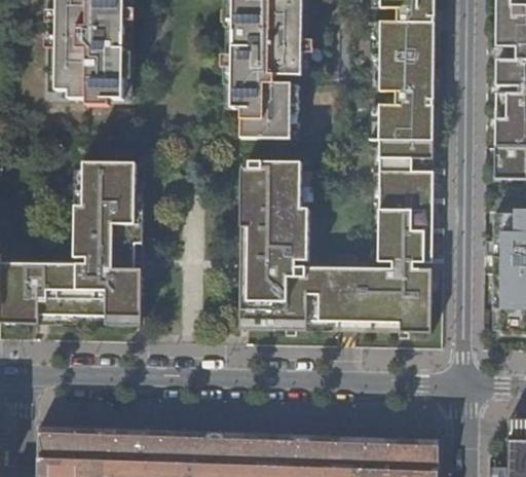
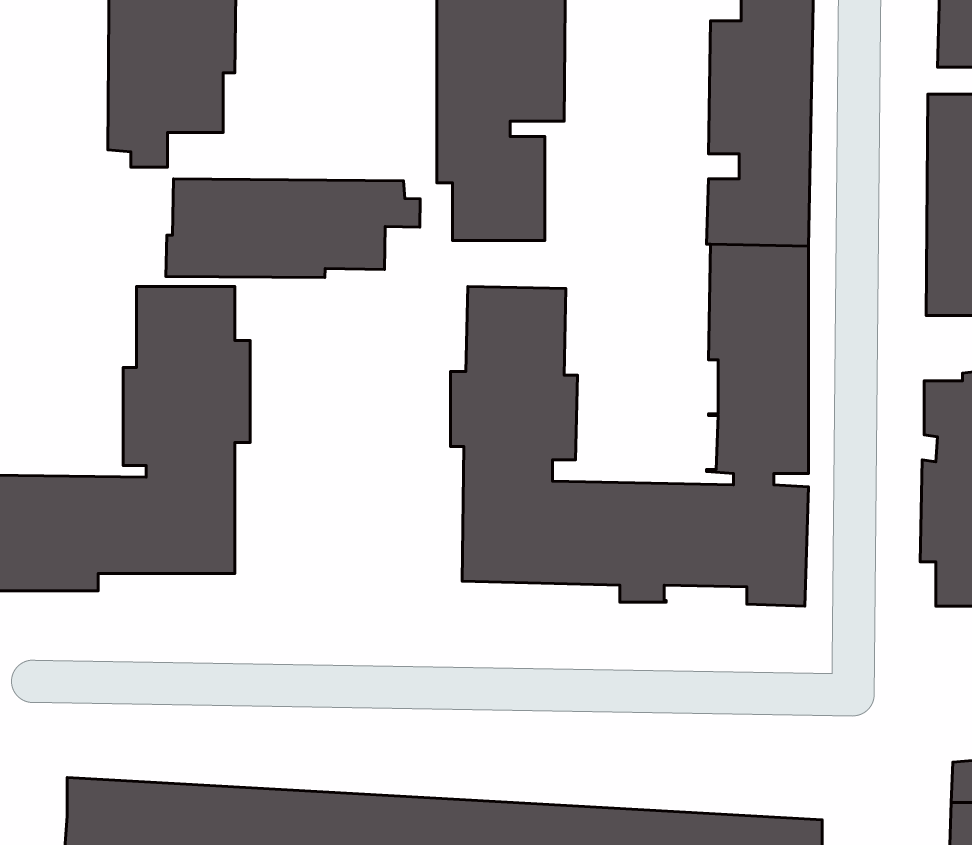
building: none -> [166,179,420,278]

